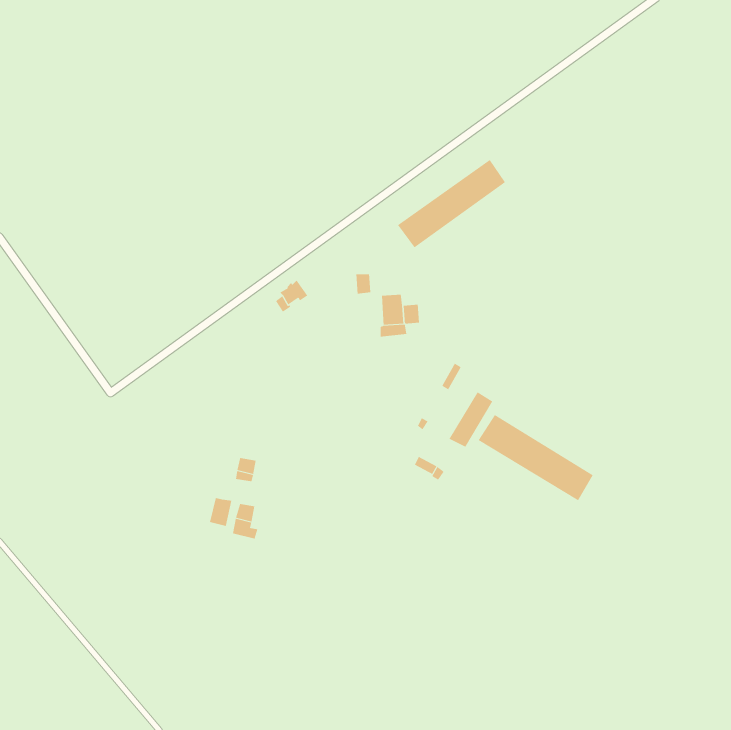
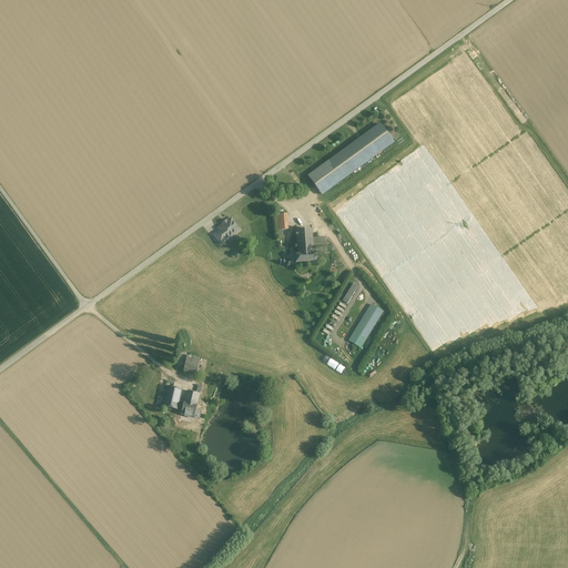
building: [478,414,594,501] -> none

